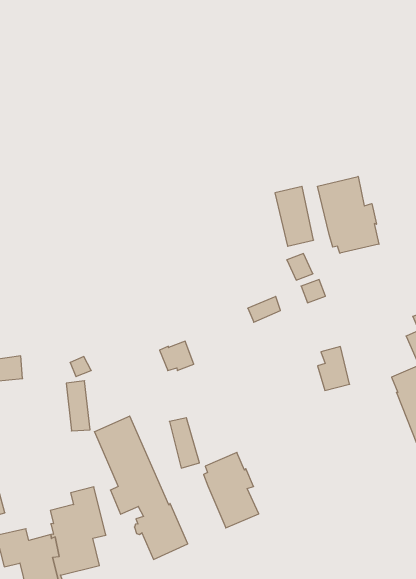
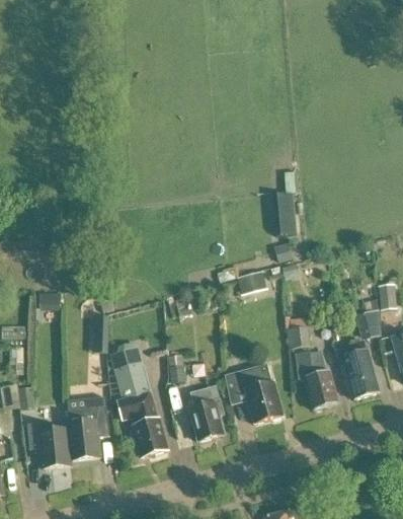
building: [318,176,379,253] -> none
building: none -> [296,350,338,409]
building: none -> [224,364,284,423]

